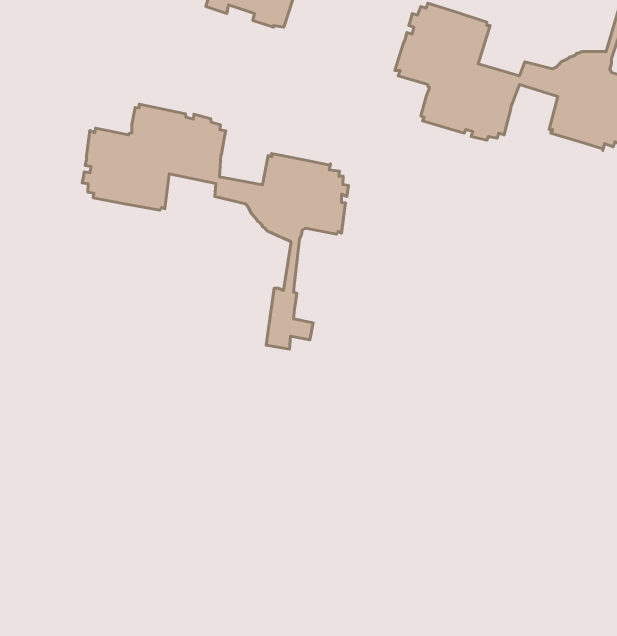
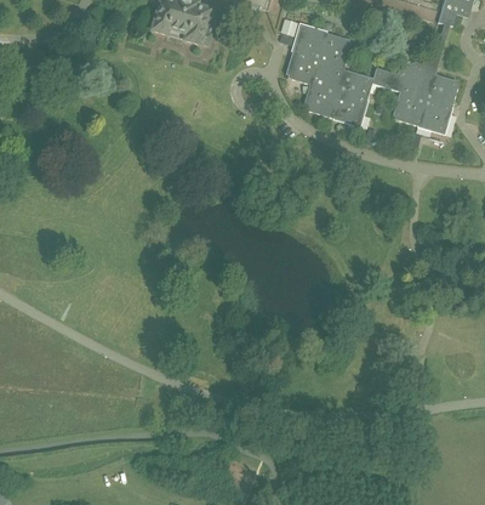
building: [82,104,349,349] -> none

